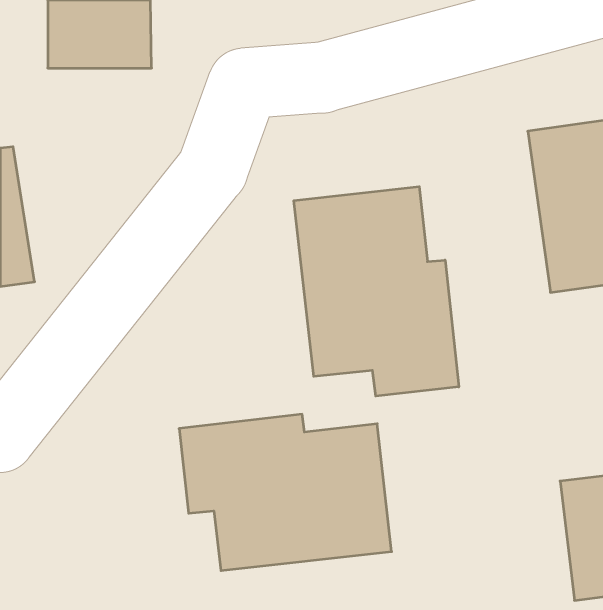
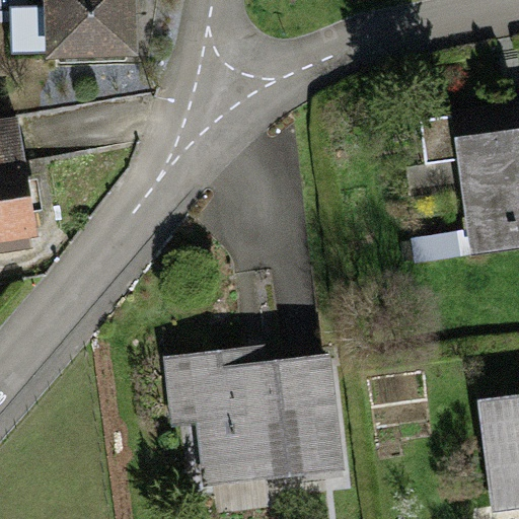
building: [294,187,459,396] -> none

